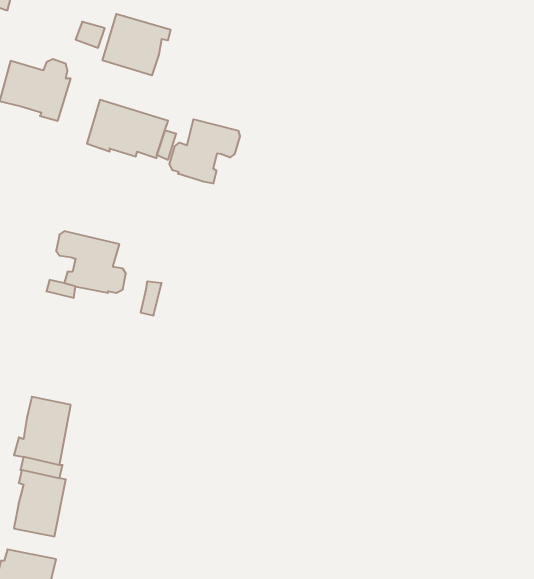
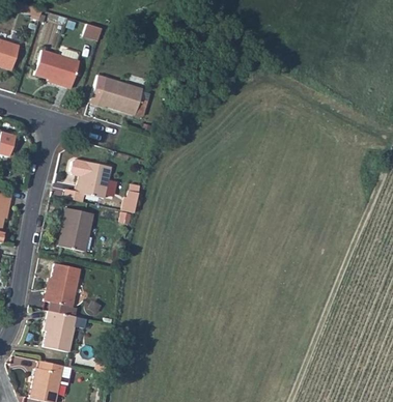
building: [102,14,170,75] -> none
building: [169,119,240,184] -> none
building: none -> [61,207,93,252]

